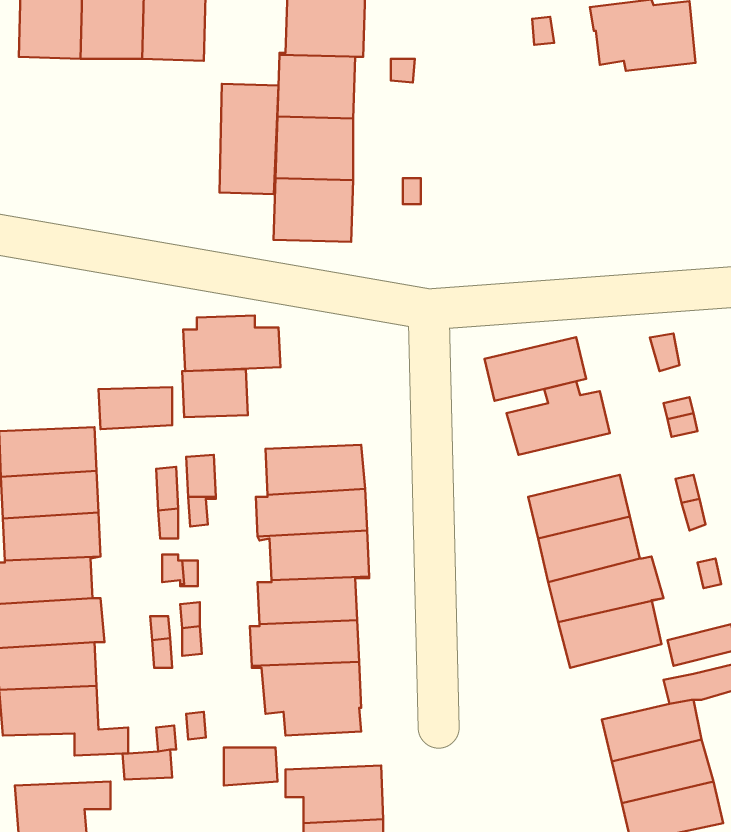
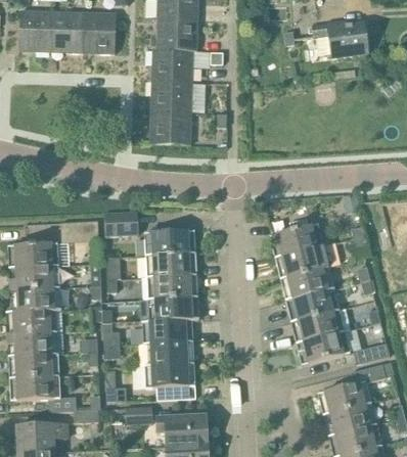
building: [220,84,279,194] -> none
building: [183,315,281,371] -> [145,224,195,253]
building: [485,337,586,401] -> [276,244,328,277]

